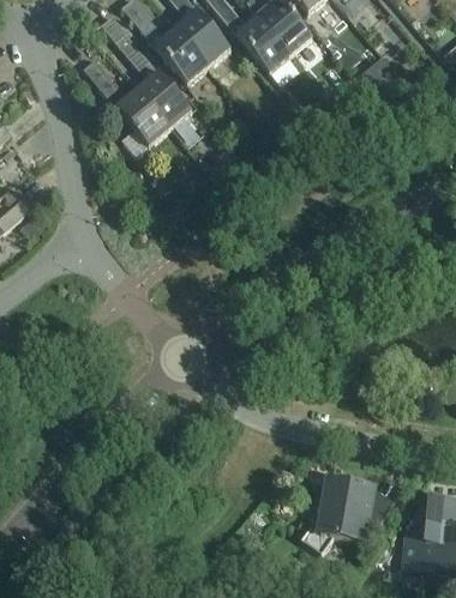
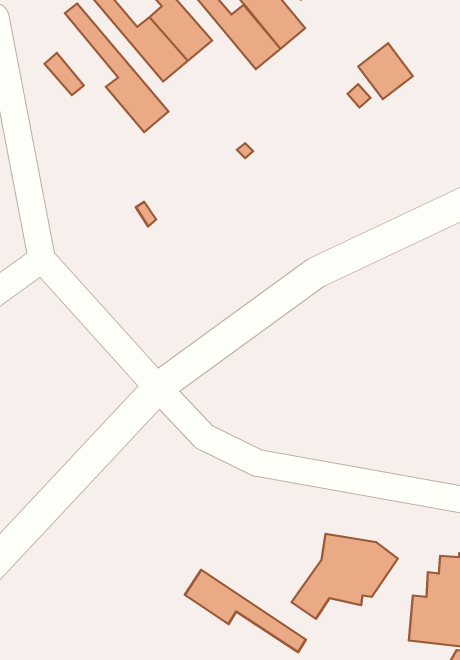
building: [114,86,169,152] -> none
building: none -> [185,570,306,652]

